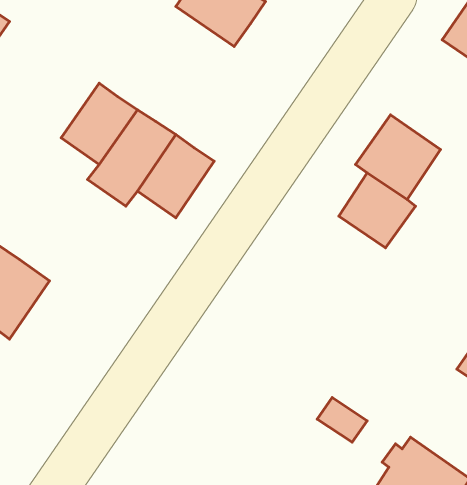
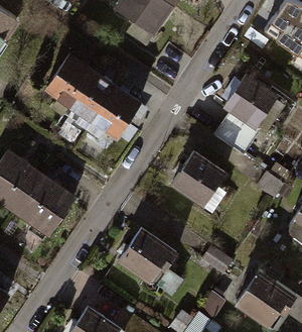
building: none -> [172,152,224,204]
building: none -> [16,176,73,233]
building: none -> [119,229,172,282]

